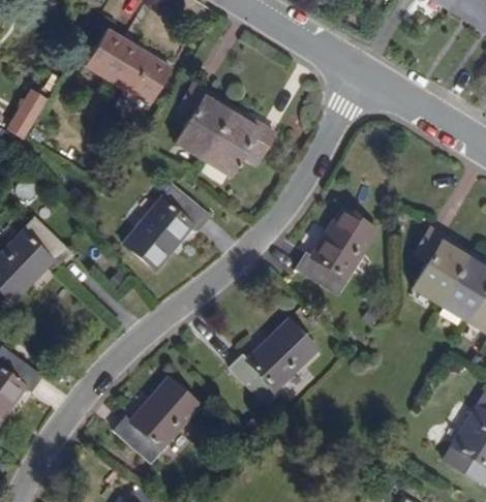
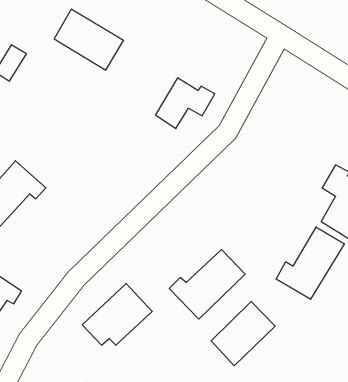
building: [181,83,236,159] -> none
building: [125,185,214,272] -> none
building: [293,210,376,297] -> [276,227,344,299]
building: none -> [211,301,275,366]

